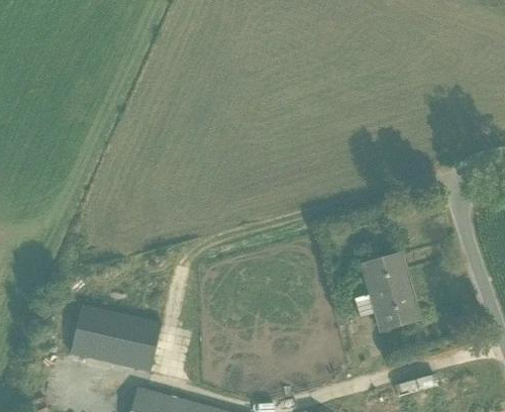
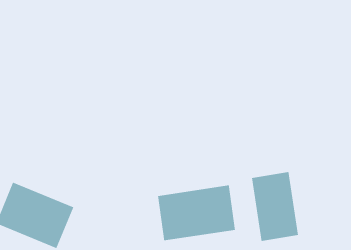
building: none -> [157,185,235,241]

